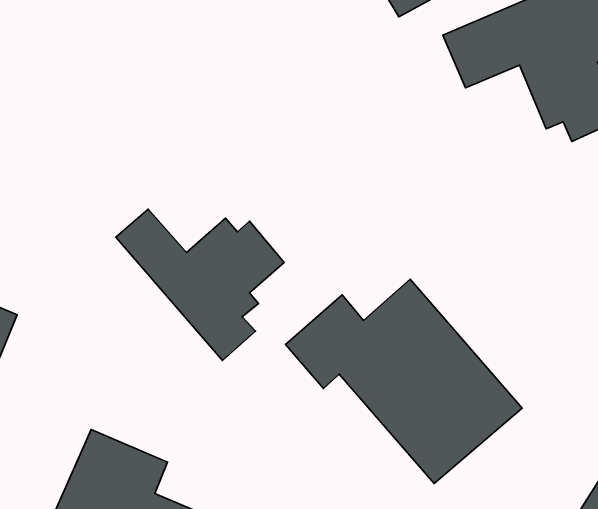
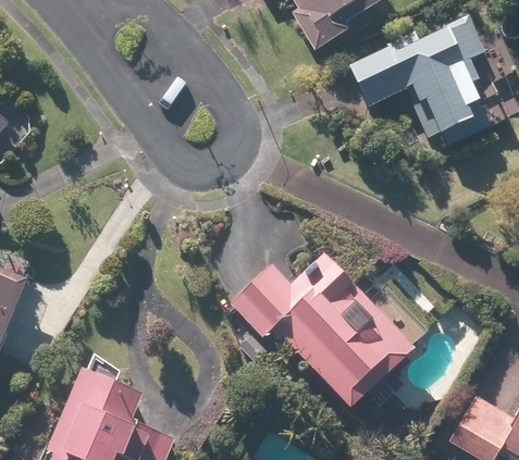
building: [116,209,284,360] -> none

